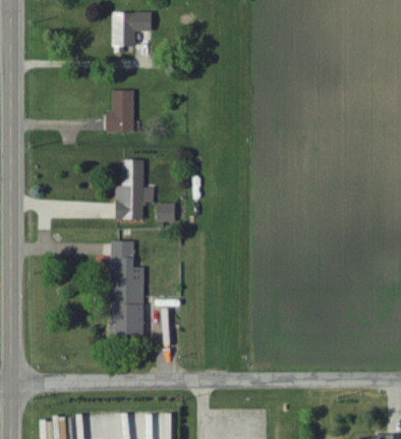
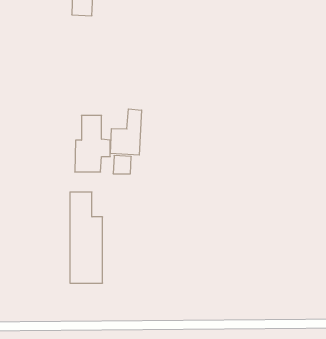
building: [105,92,133,133] -> none
building: none -> [110,109,142,155]

